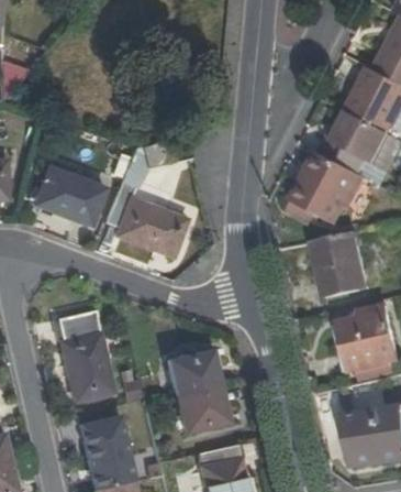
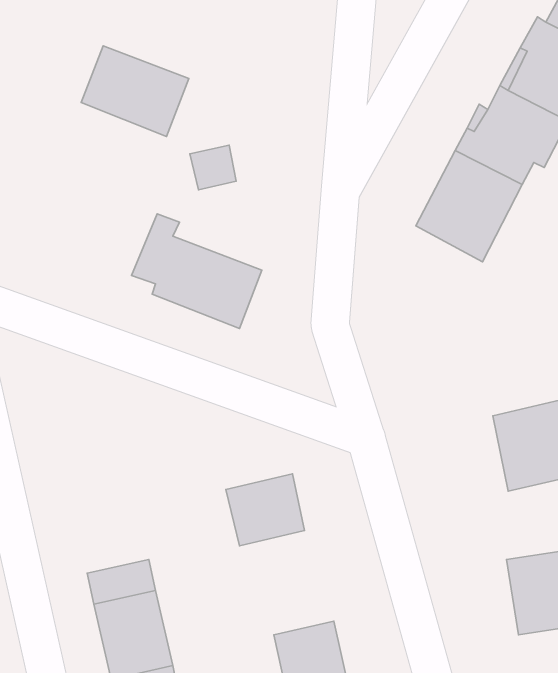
building: [41,172,110,230] -> [81,46,189,137]
building: [314,227,369,293] -> none
building: [56,308,115,400] -> none
building: [178,393,227,438] -> none

